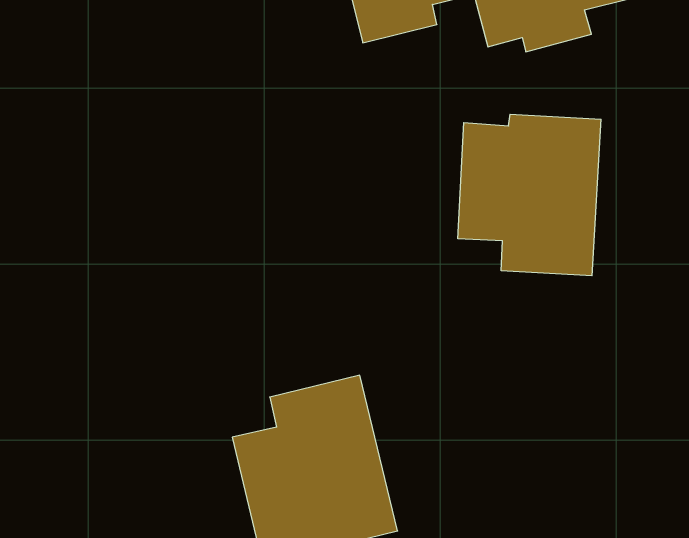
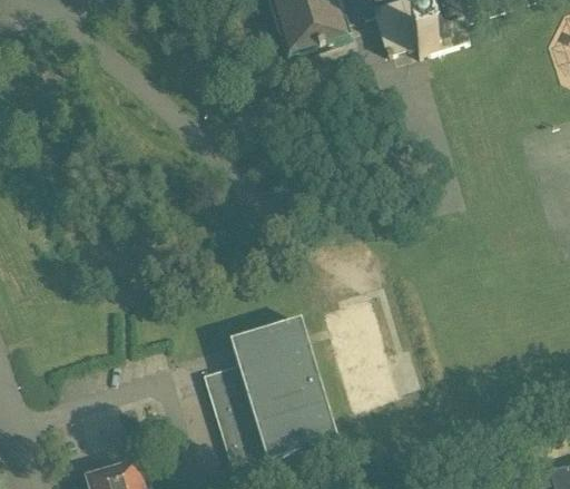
building: [458,114,601,276] -> none

